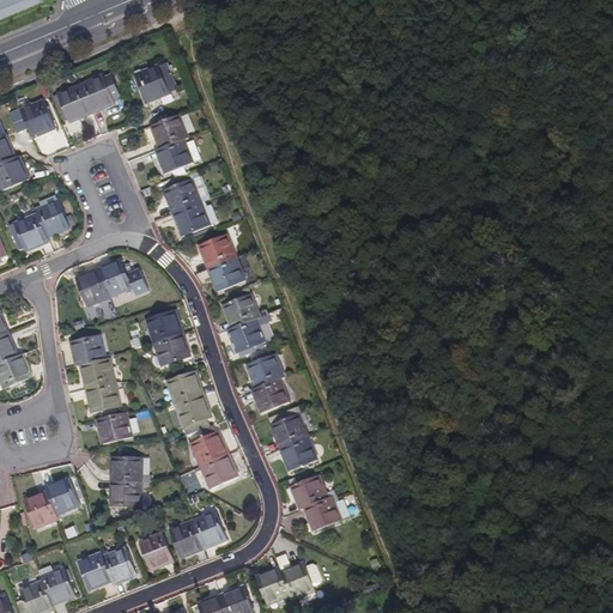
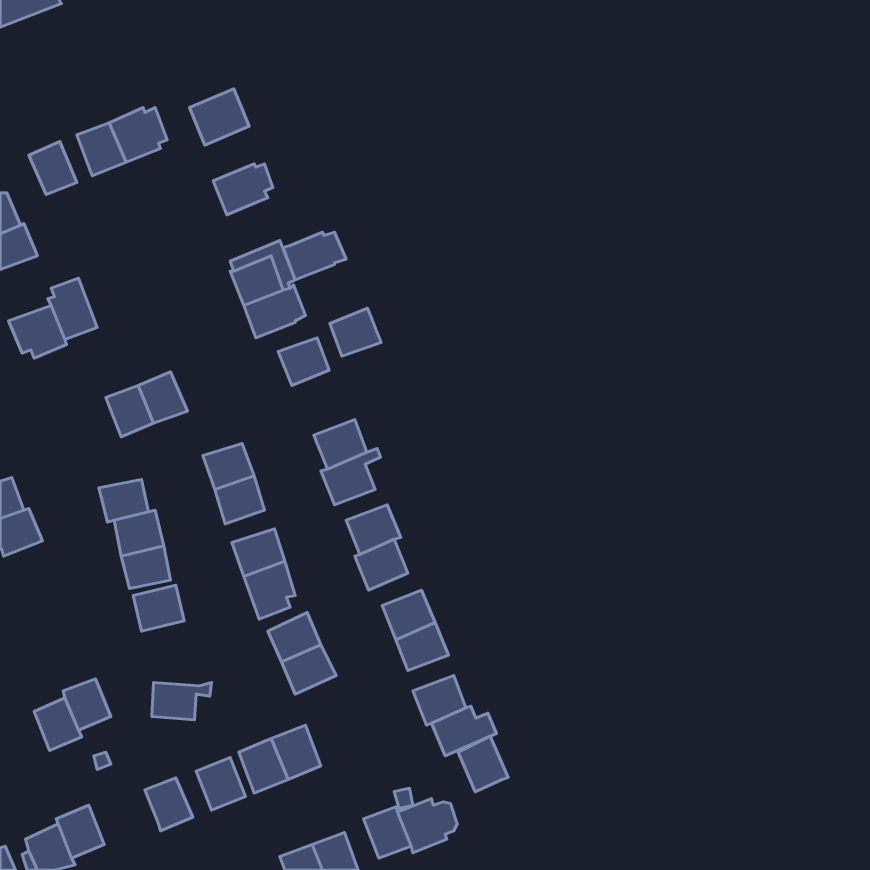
building: [156,141,200,175] -> [283,232,346,280]
building: [206,260,242,293] -> [330,308,381,356]
building: [109,454,150,481] -> none
building: none -> [458,736,508,792]
building: [78,551,113,588] -> none

